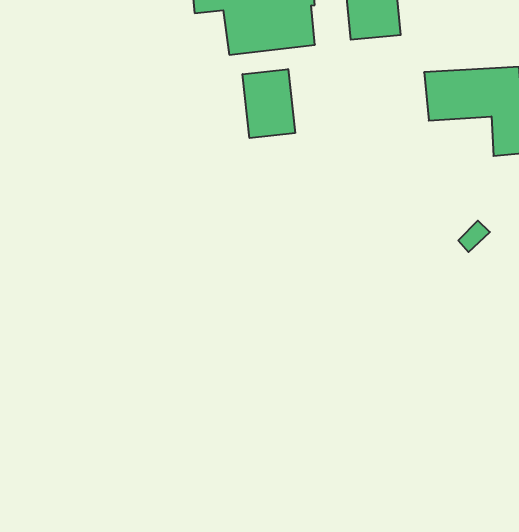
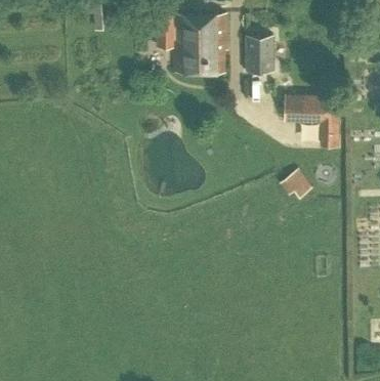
building: [243,69,295,138] -> none

